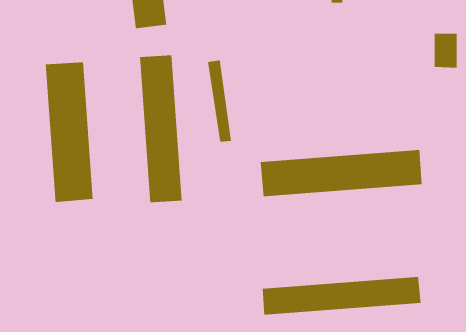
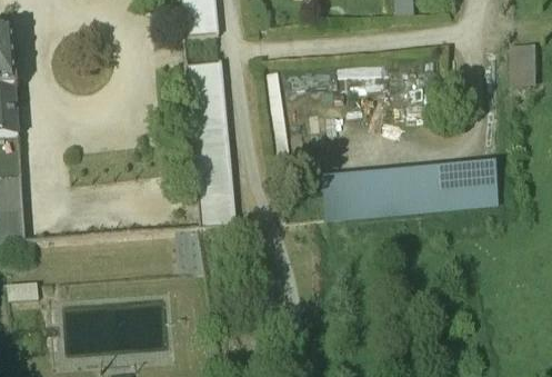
building: [45,61,93,203] -> none
building: [262,276,421,316] -> none

